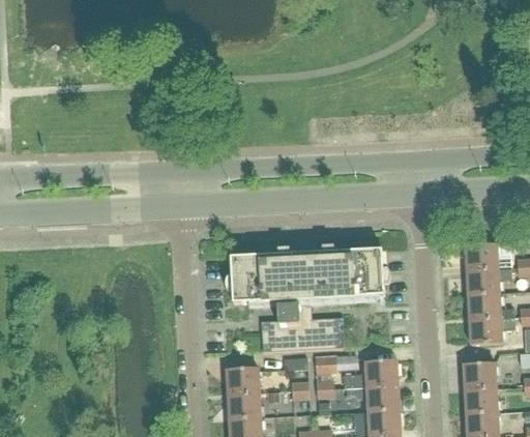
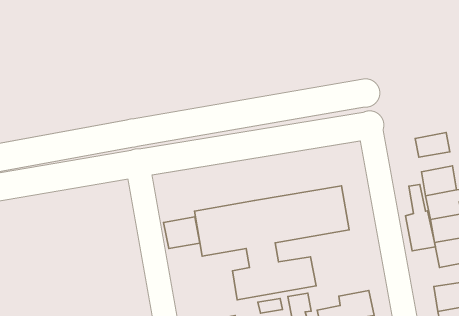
building: none -> [415,132,450,157]
building: none -> [405,184,435,251]
building: none -> [163,217,200,249]

